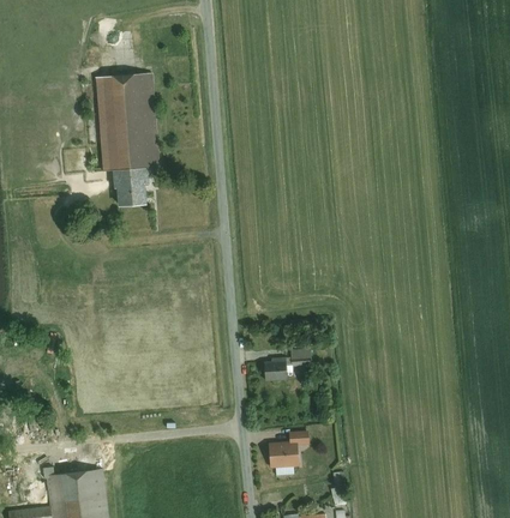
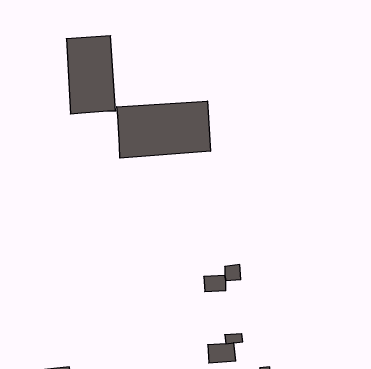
building: none -> [117,101,210,158]
building: [116,164,150,205] -> none

